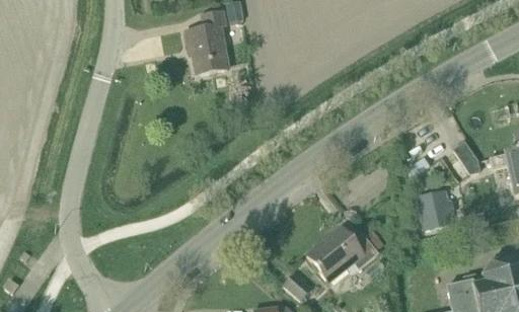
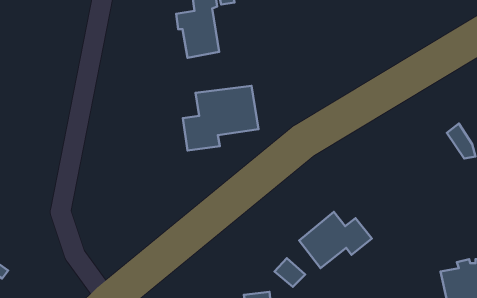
building: none -> [183,86,258,151]
building: [417,189,454,230] -> none

